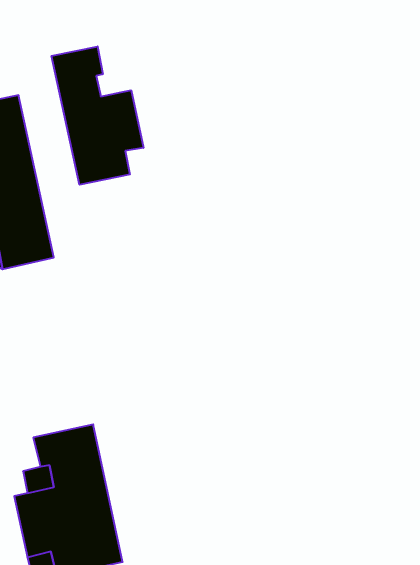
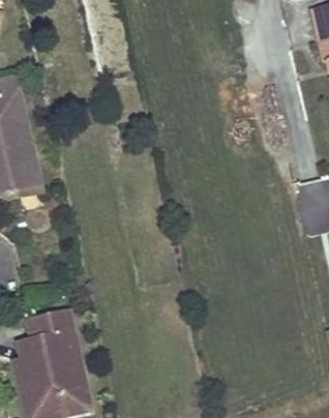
building: [52,46,143,185] -> none

